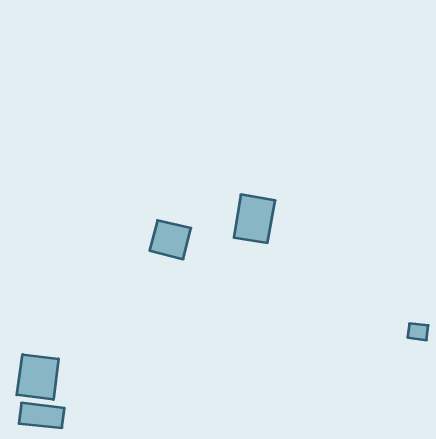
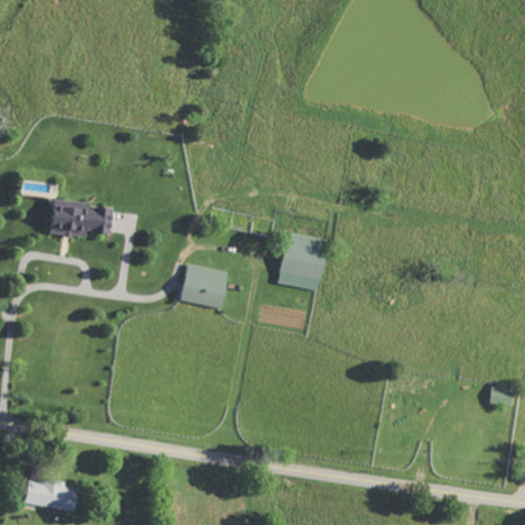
building: none -> [50,200,111,237]
building: [17,354,58,400] -> none

